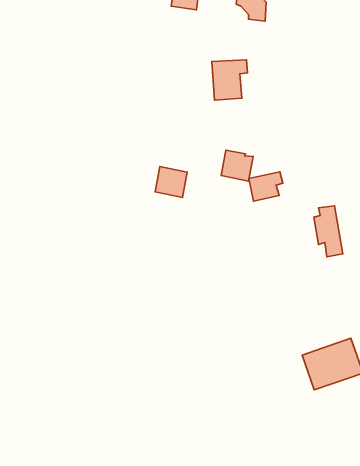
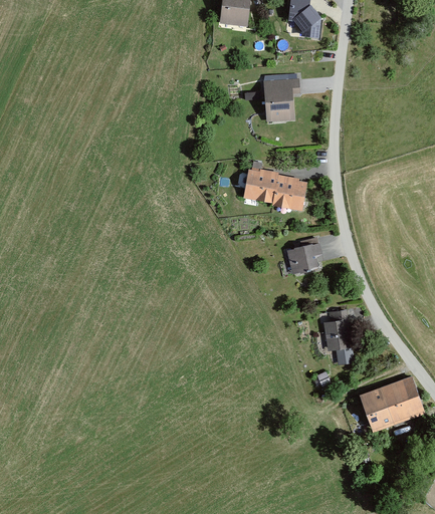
building: [155,166,187,197] -> [243,169,277,202]
building: [249,172,283,201] -> [286,243,322,274]
building: [314,206,343,257] -> [322,308,354,362]

